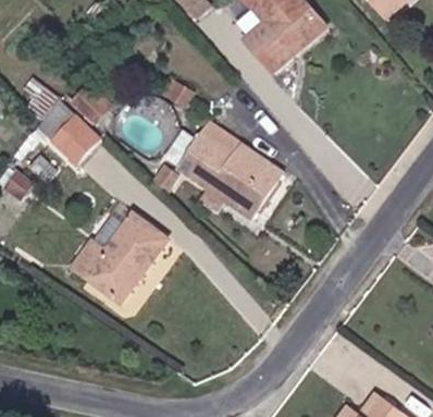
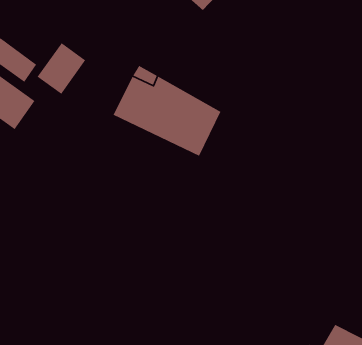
building: none -> [37,42,86,95]
building: [71,213,162,301] -> none

